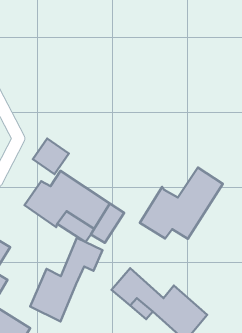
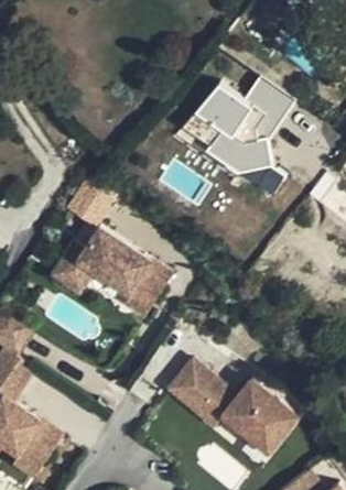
building: none -> [176,80,295,185]
building: [140,167,223,239] -> none
building: [30,238,103,321] -> none

